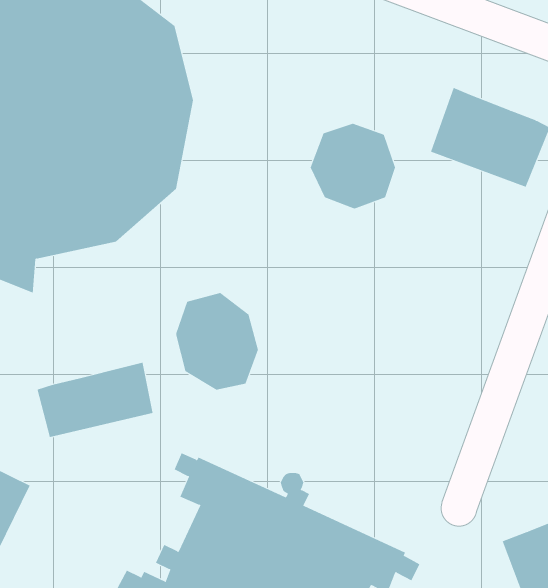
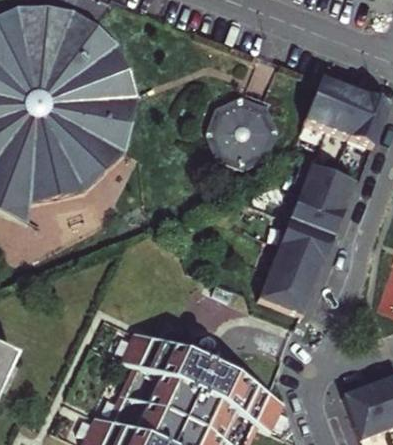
building: none -> [252,167,350,318]
building: [176,292,259,390] -> none
building: [37,362,153,438] -> none

